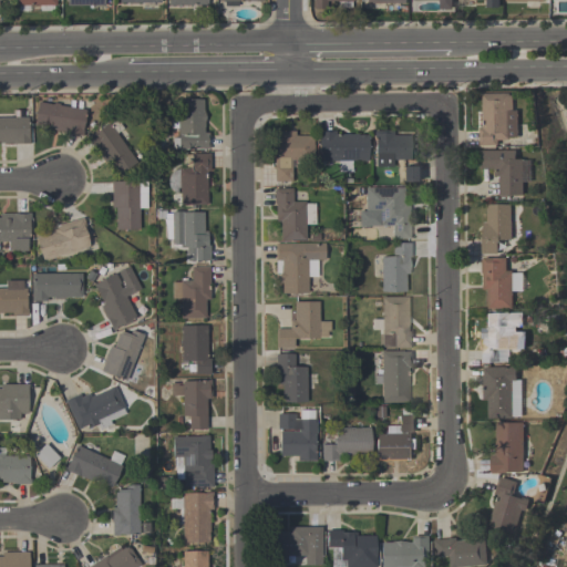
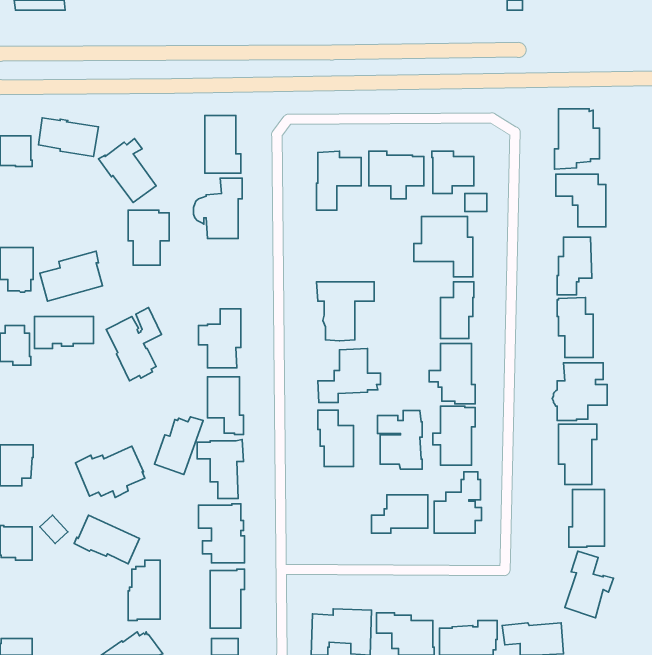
building: [275,189,317,240] -> none
building: [173,213,212,261] -> none
building: [103,330,145,380] -> [154,417,203,474]
building: [279,410,318,461] -> [377,410,422,469]

